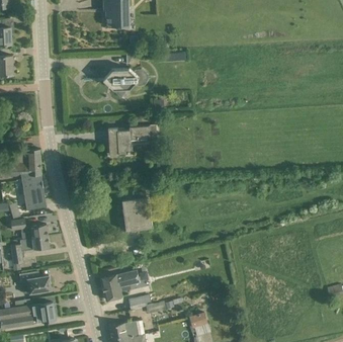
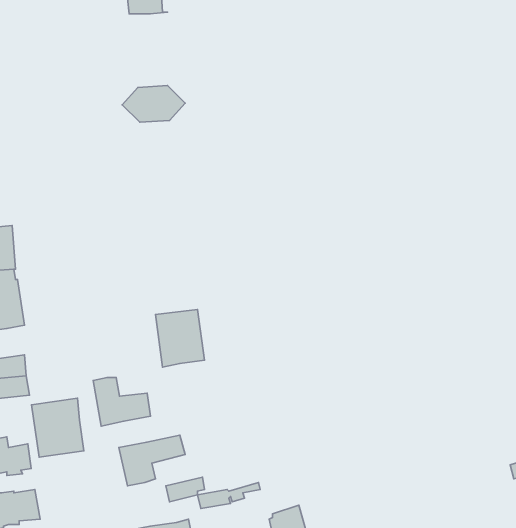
building: [108,125,152,154] -> none
building: none -> [93,377,151,426]
building: none -> [31,398,84,457]

